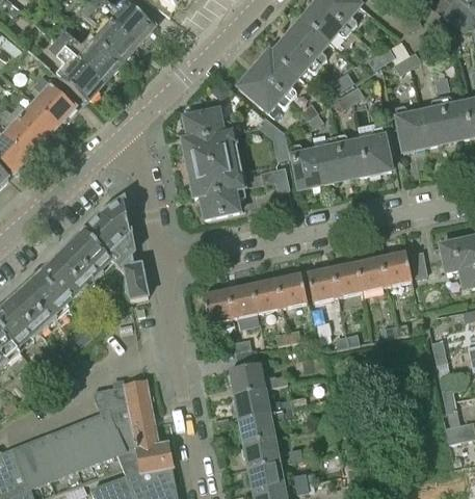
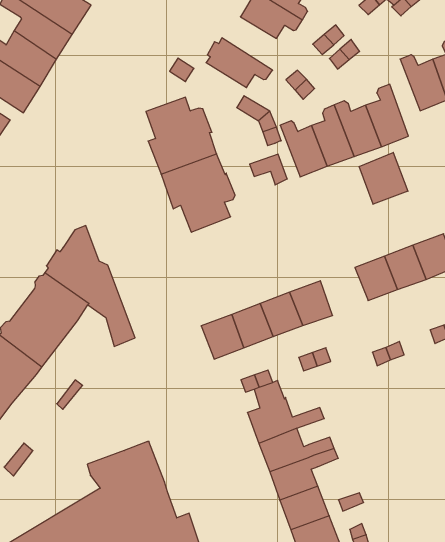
building: [255,50,298,100] -> none
building: none -> [359,152,408,204]
building: [307,267,338,300] -> none

